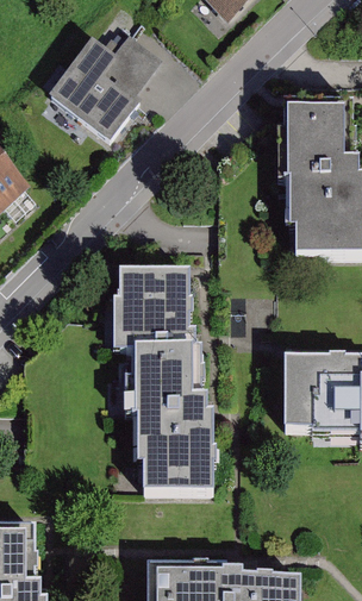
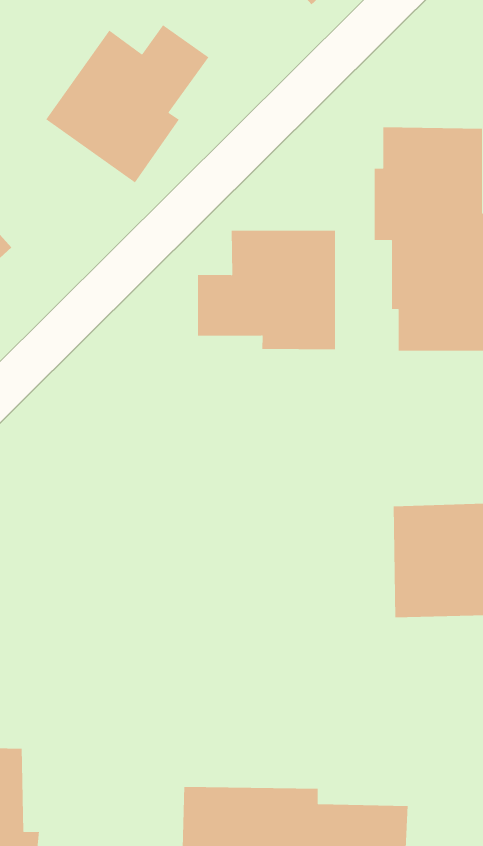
building: none -> [197,230,336,350]
building: [120,273,213,494] -> none

